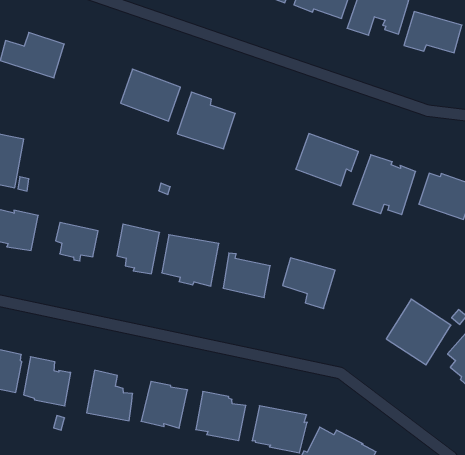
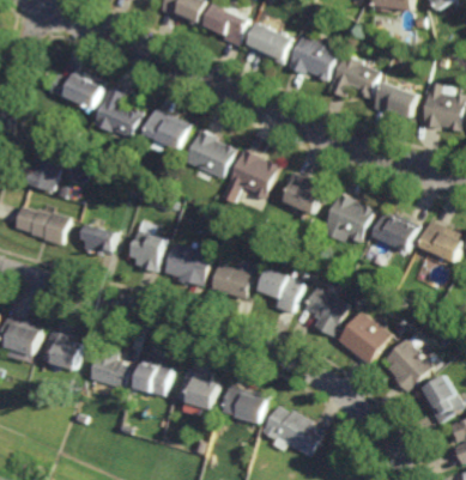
building: none -> [90,87,141,139]
building: none -> [224,148,278,199]
building: none -> [302,287,346,336]

